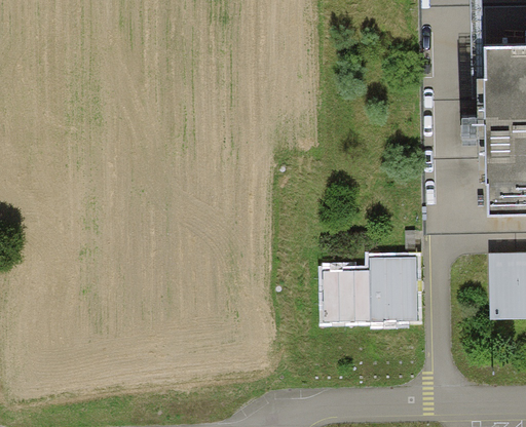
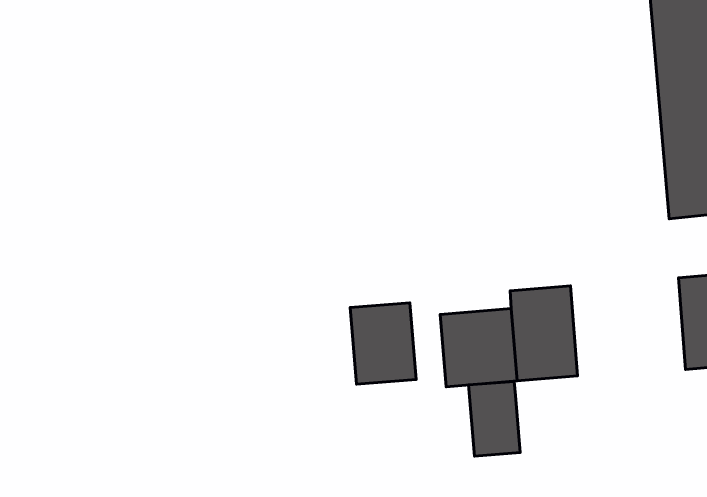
building: none -> [350,303,416,384]
building: none -> [468,381,520,456]

